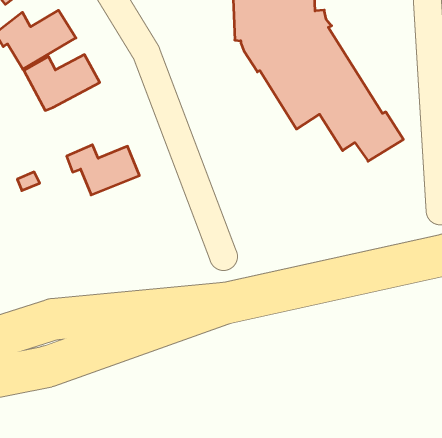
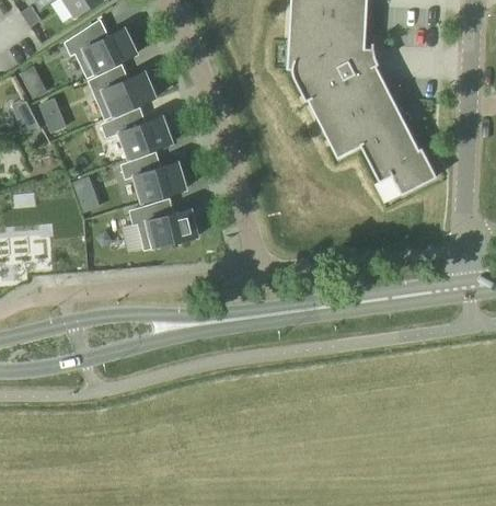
building: none -> [101,112,173,160]
building: none -> [129,202,199,251]

